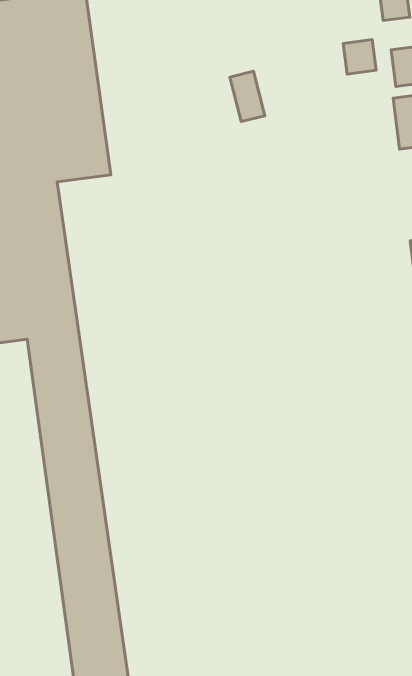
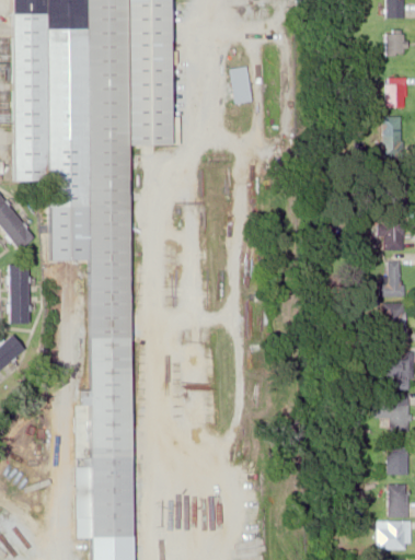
building: [343,40,376,74] -> none
building: [230,71,265,122] -> [230,66,253,103]

